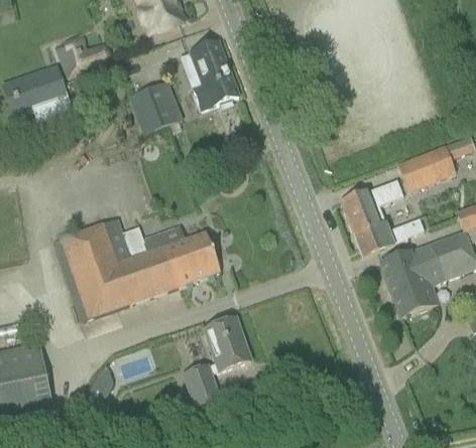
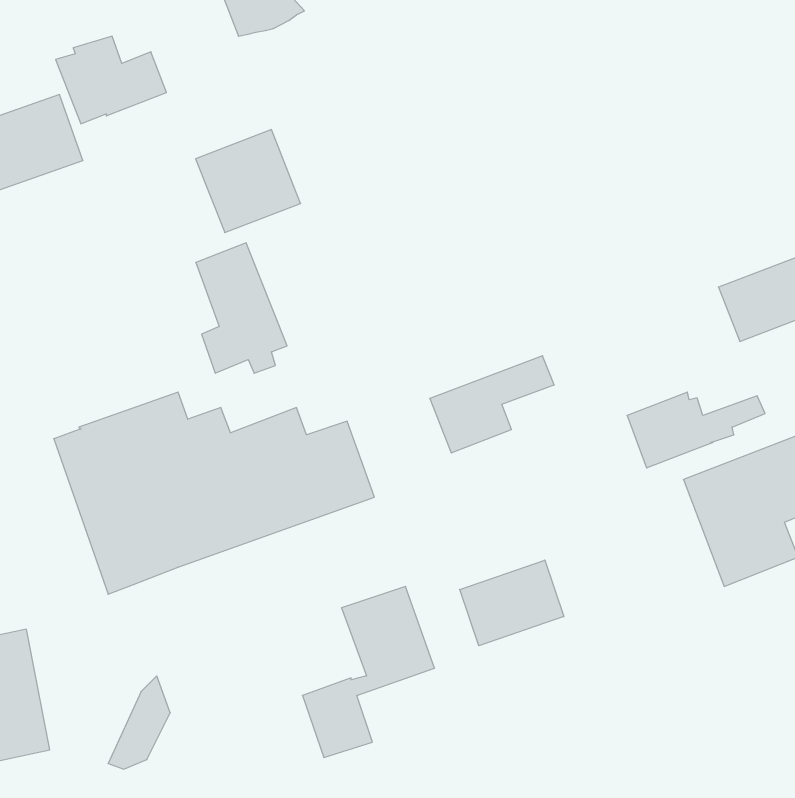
building: [191,42,238,110] -> [196,243,287,373]
building: [340,179,404,230] -> [430,356,554,453]
building: none -> [460,560,564,646]

